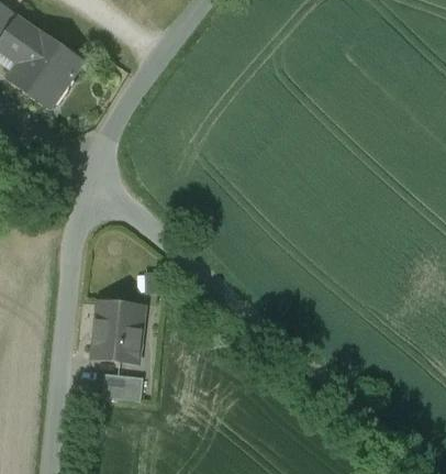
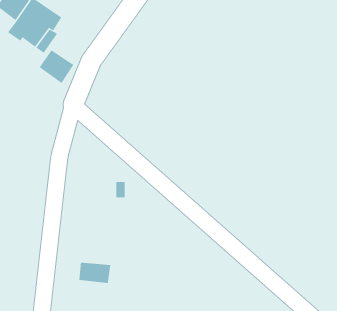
building: none -> [39,49,74,84]
building: [92,300,143,362] -> none

